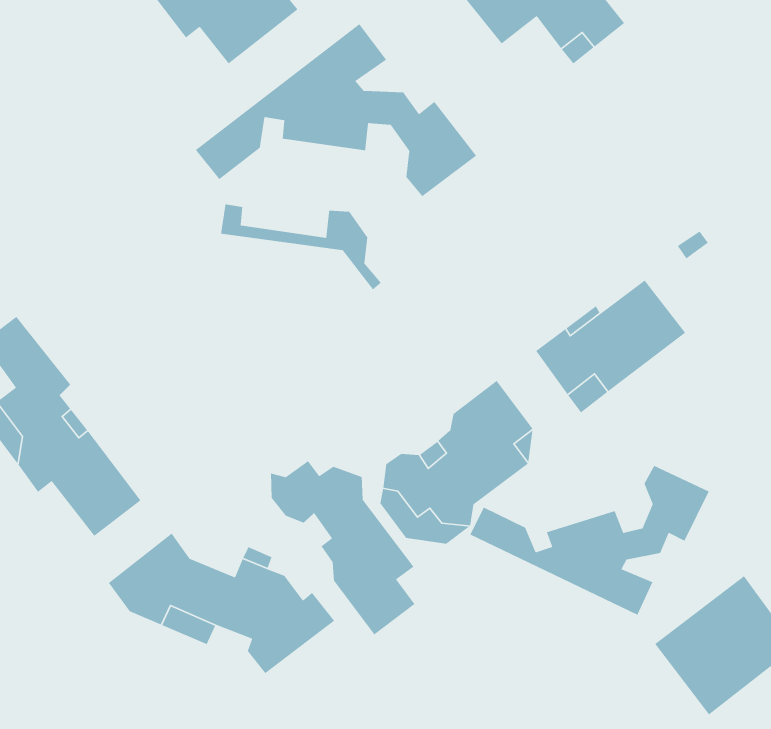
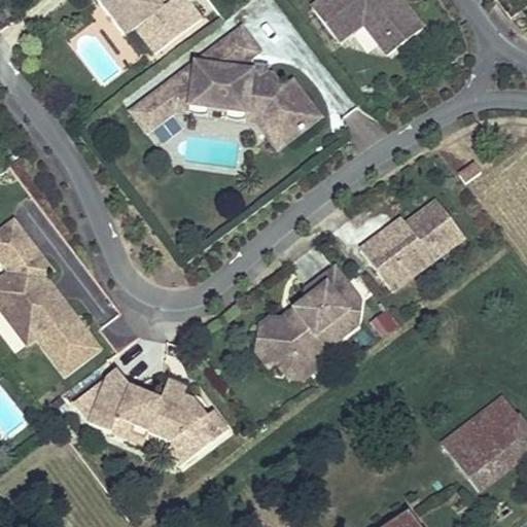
building: [220,204,382,290] -> [176,87,285,146]
building: [270,460,416,635] -> none
building: [469,465,710,616] -> none

